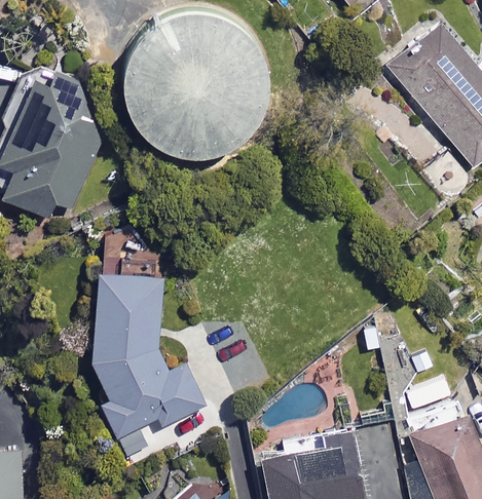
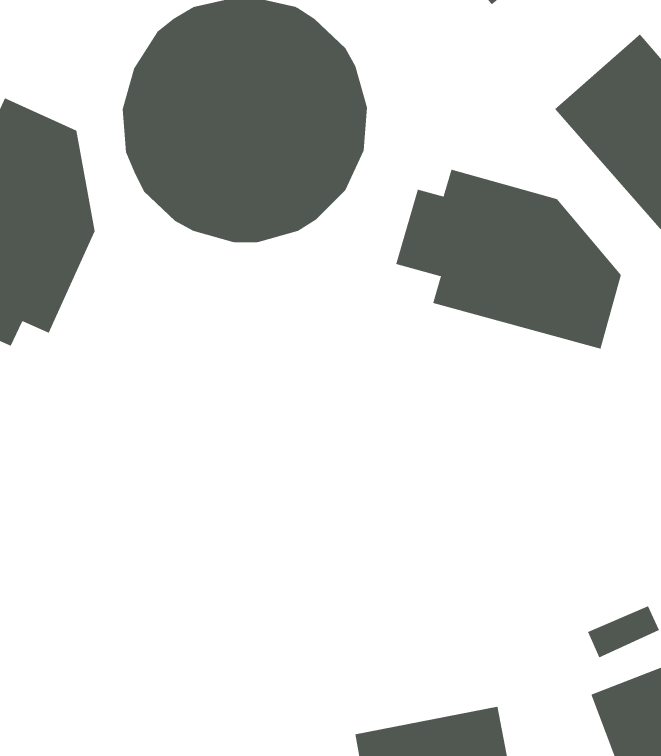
building: none -> [396,169,621,350]
building: [92,232,207,438] -> none

